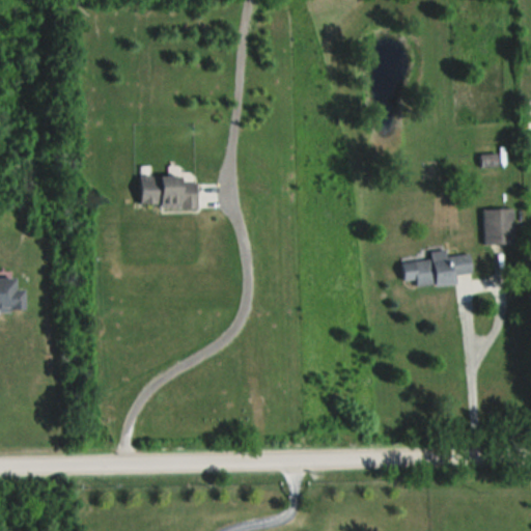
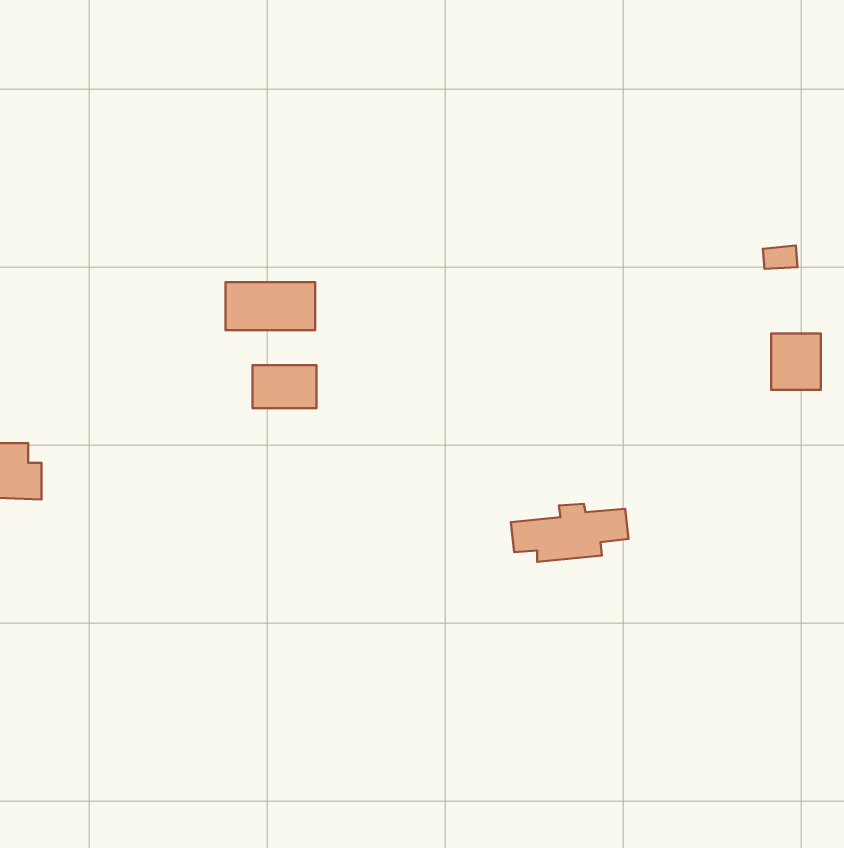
building: none -> [253,365,317,408]
building: [399,250,473,286] -> [511,504,629,562]

